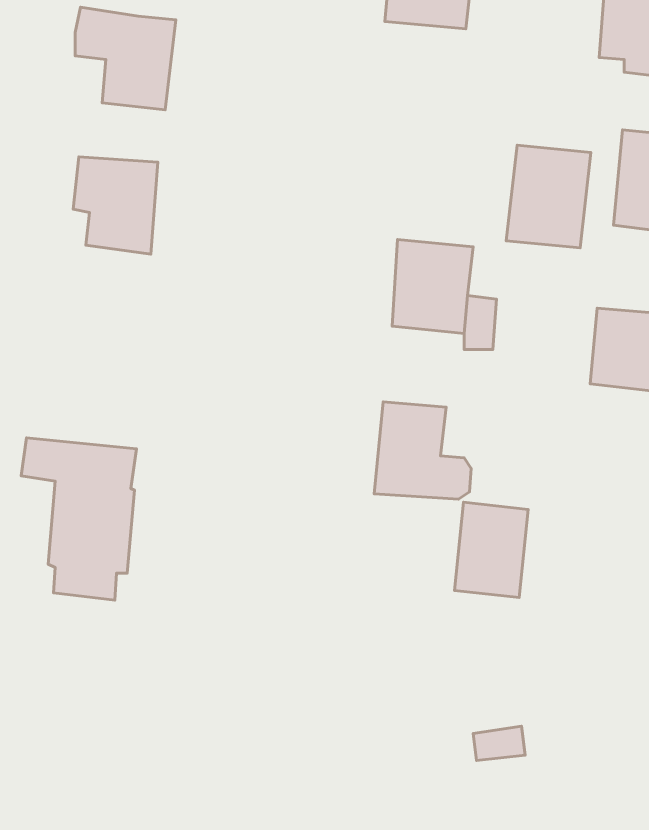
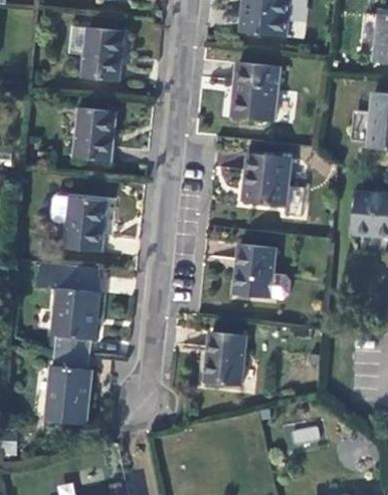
building: [506,145,591,248] -> [232,62,279,119]
building: none -> [63,197,105,251]
building: [454,502,528,598] -> [205,332,246,386]
building: none -> [45,350,92,424]

